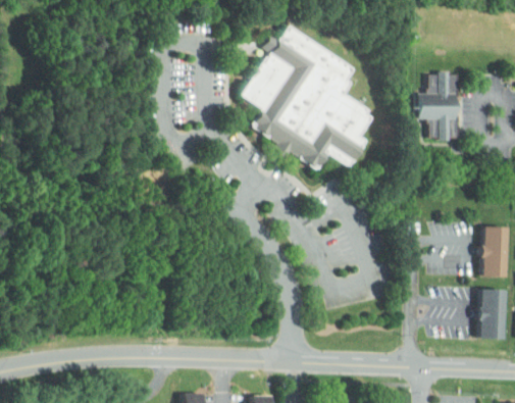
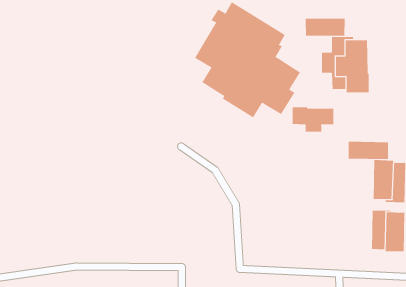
building: none -> [305,18,345,37]
building: none -> [292,107,334,132]
building: none -> [348,141,388,160]

